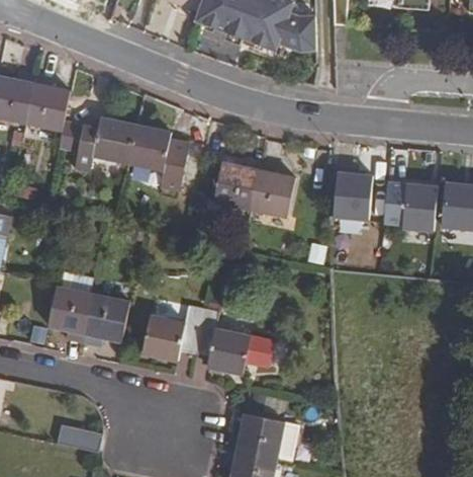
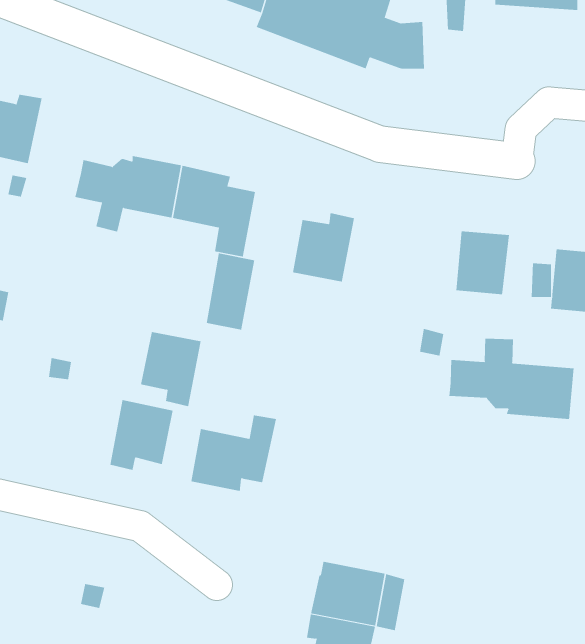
building: [24,75,70,130] -> none
building: [252,162,296,216] -> none
building: none -> [206,252,255,330]
building: none -> [449,338,574,420]
building: [48,287,92,341] -> [140,332,202,407]
building: [194,308,275,374] -> none

